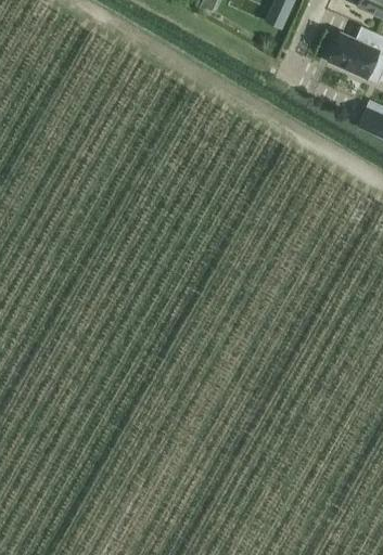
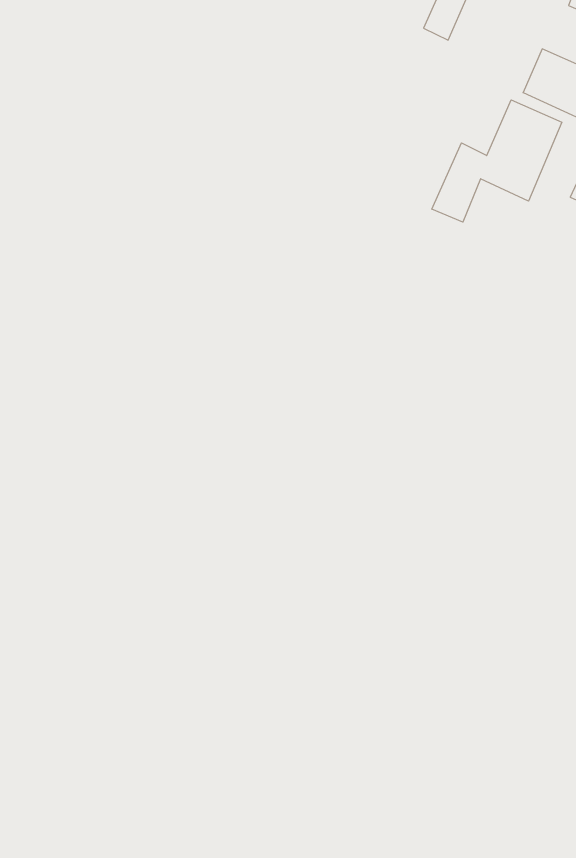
building: none -> [432,100,562,222]

